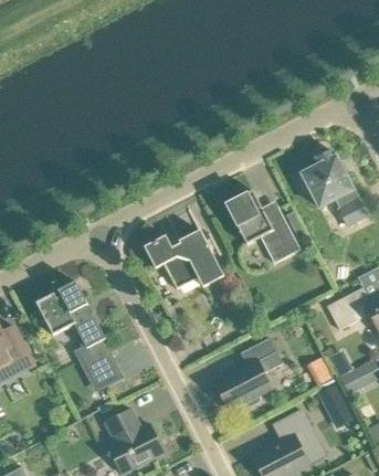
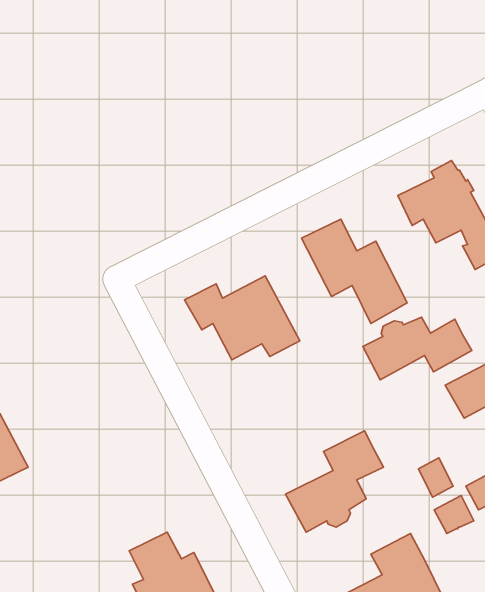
building: none -> [363,317,472,380]
building: [35,282,115,378] -> none

